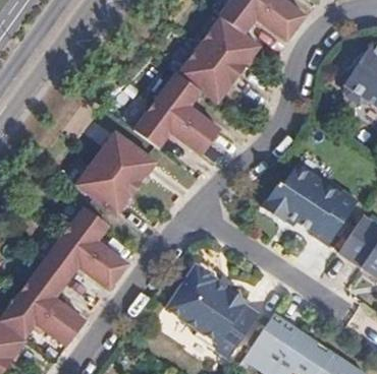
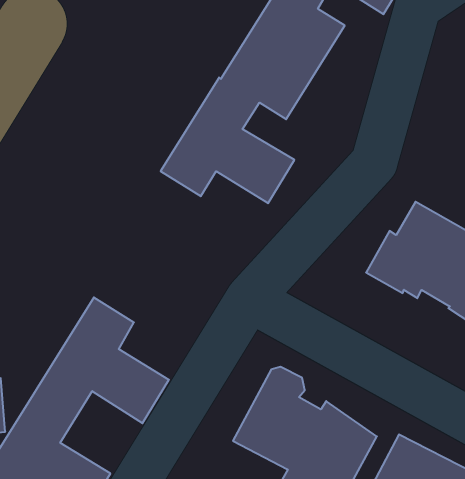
building: [75,131,157,214] -> none

